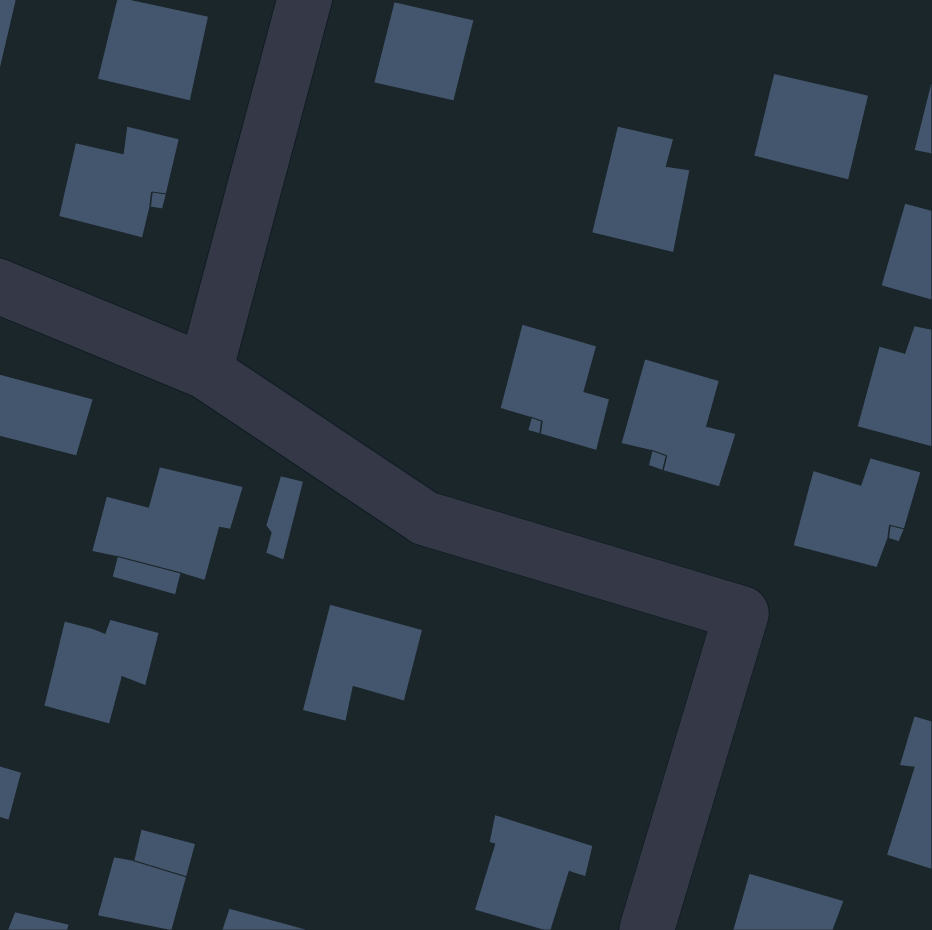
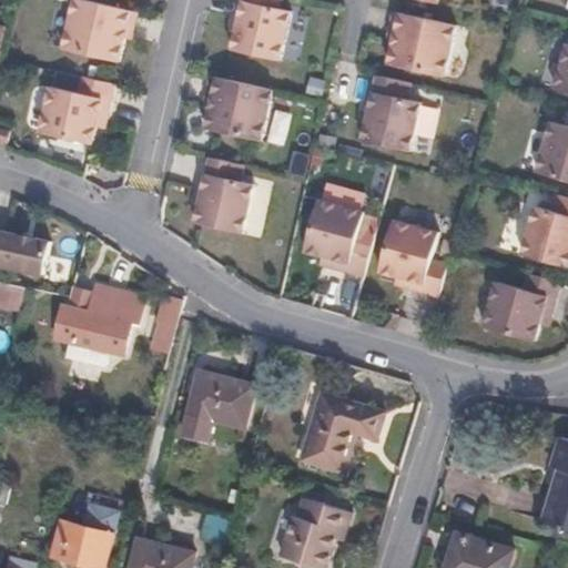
building: [753,73,869,180] -> [386,13,456,78]
building: none -> [200,78,270,142]
building: none -> [189,159,248,235]
building: [44,619,159,724] -> none
building: none -> [300,384,381,465]

